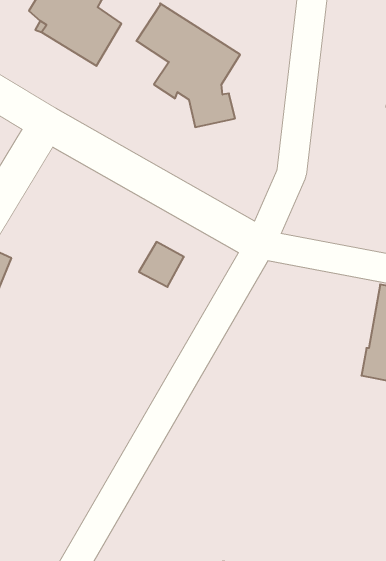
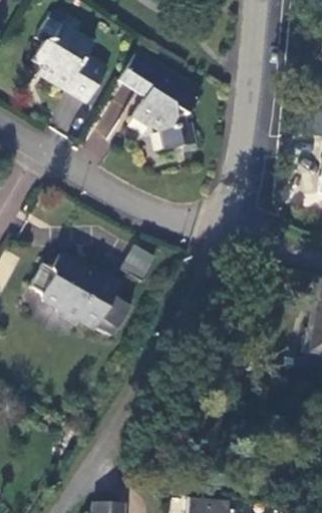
building: none -> [28,253,129,338]

